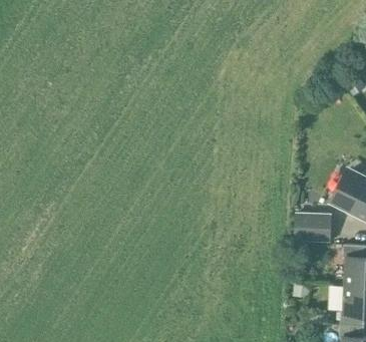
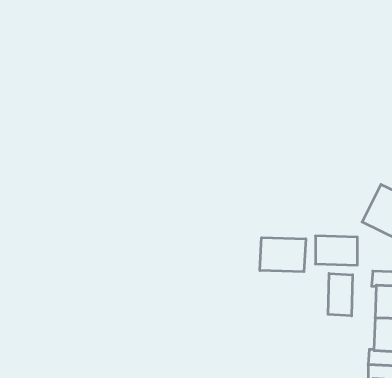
building: none -> [260,238,306,272]
building: none -> [328,273,353,316]

